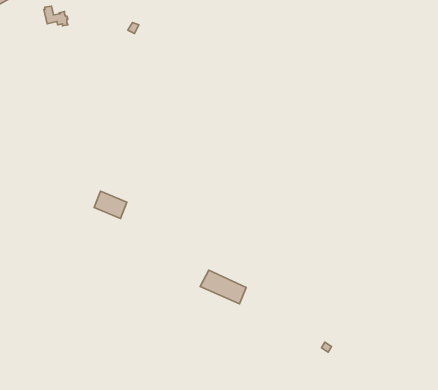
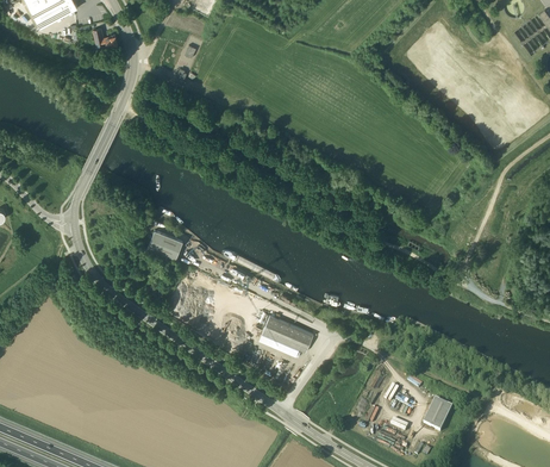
building: none -> [423,400,451,434]

